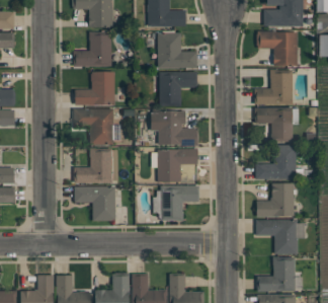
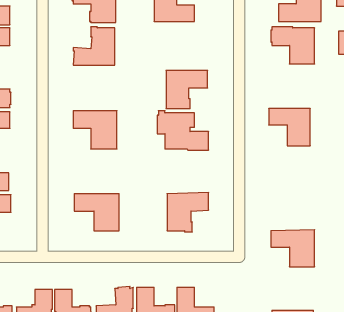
building: [157,33,196,69] -> none
building: [254,70,293,105] -> none
building: [74,72,114,105] -> none
building: [255,145,296,179] -> none
building: [74,148,112,183] -> none
building: [157,149,197,182] -> none
building: [256,183,294,218] -> none
building: [256,257,295,292] -> none

